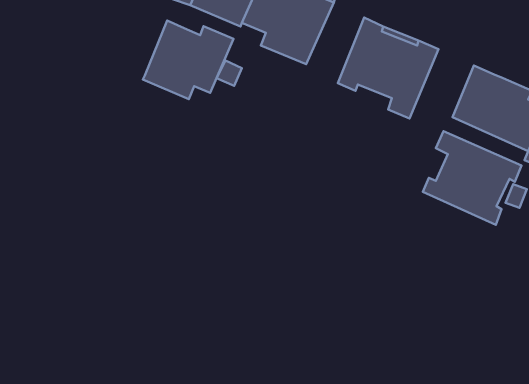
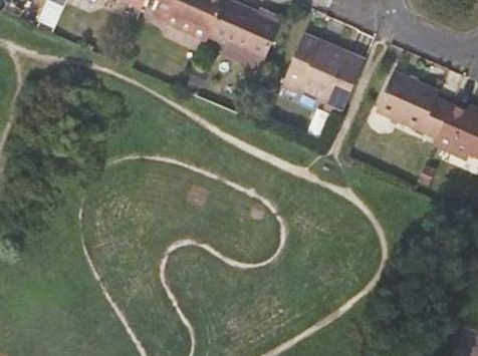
building: [143,21,233,99] -> none
building: [423,131,521,225] -> none

